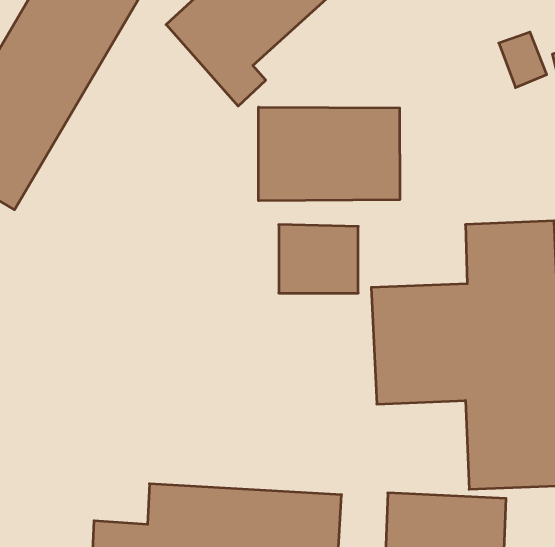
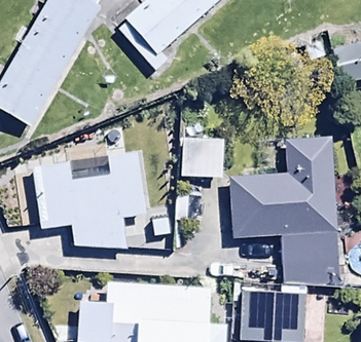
building: [259,107,400,201] -> none
building: none -> [33,150,145,246]

